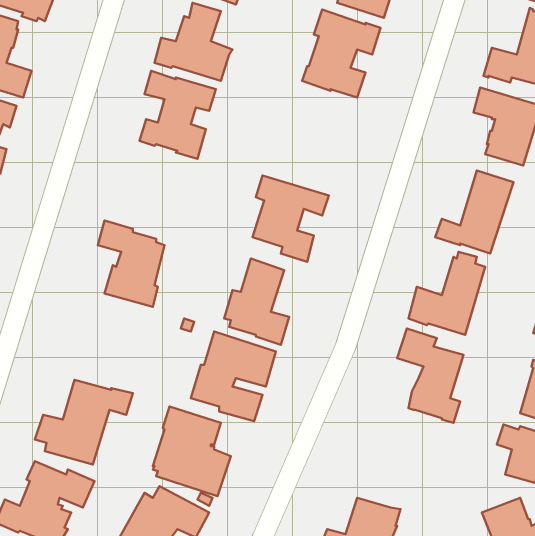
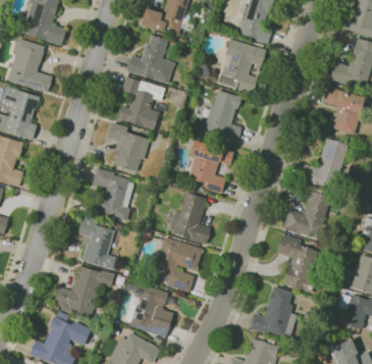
building: none -> [203,90,242,142]
building: none -> [106,122,149,171]
building: none -> [77,219,117,269]
building: none -> [251,285,298,340]

